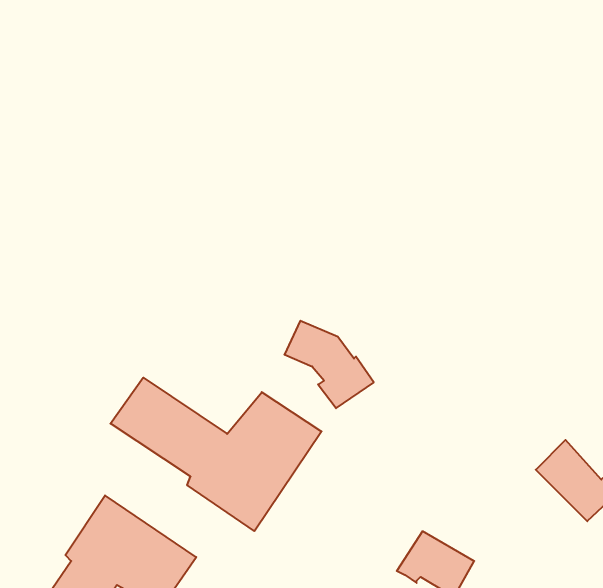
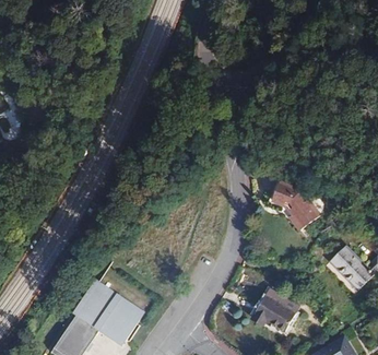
building: [284,321,374,408] -> [271,182,320,230]
building: [110,378,322,531] -> none

